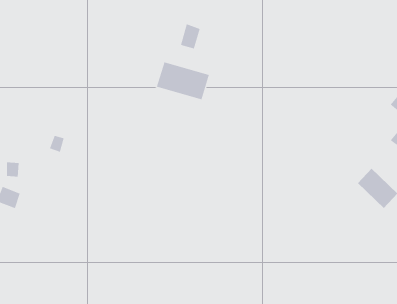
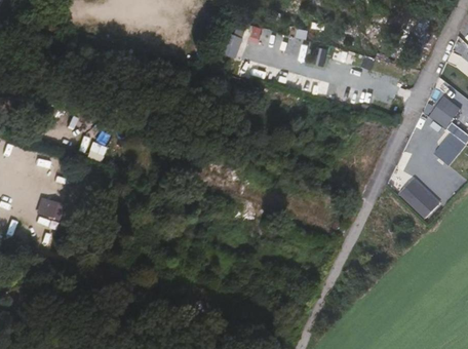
building: [156,61,210,100] -> none

